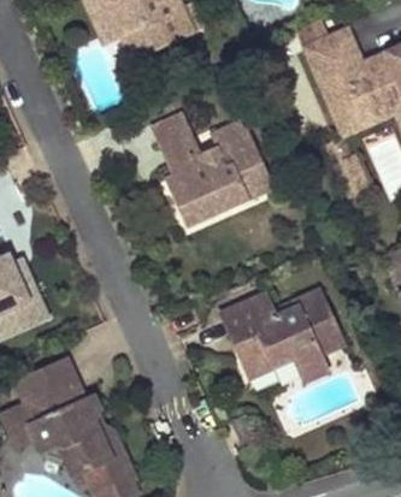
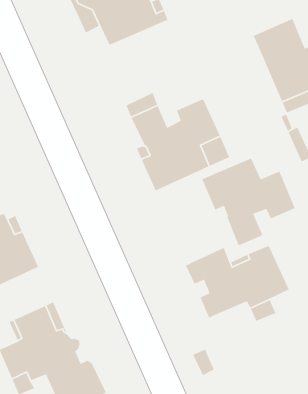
building: none -> [201,157,296,246]

